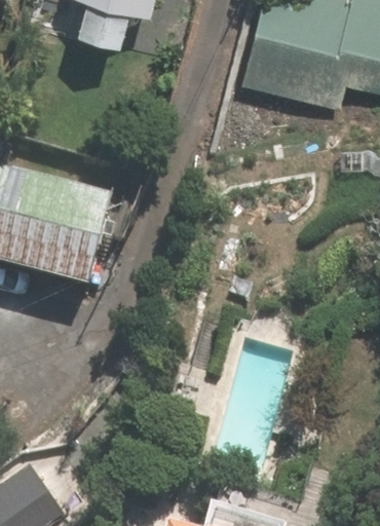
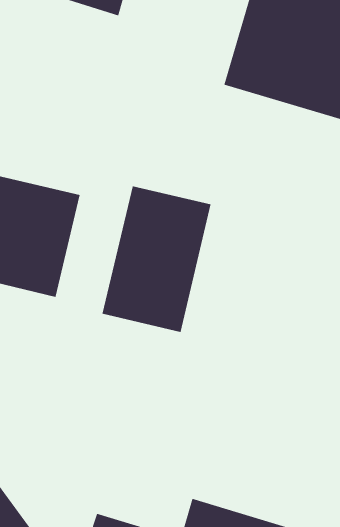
building: none -> [102,185,211,333]

